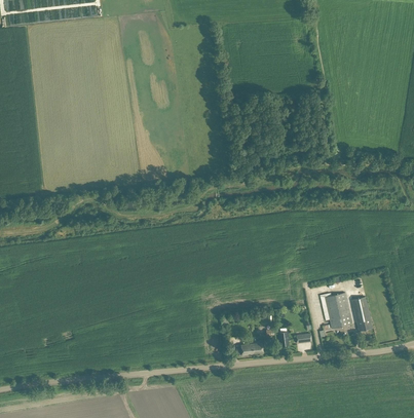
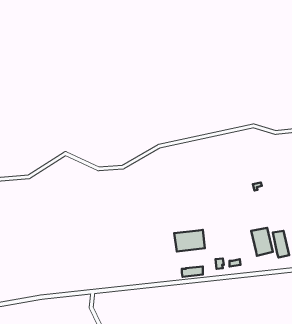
building: none -> [174,230,205,251]

